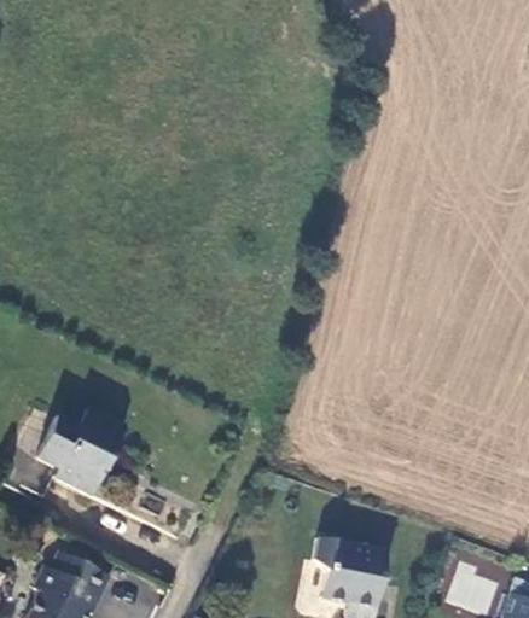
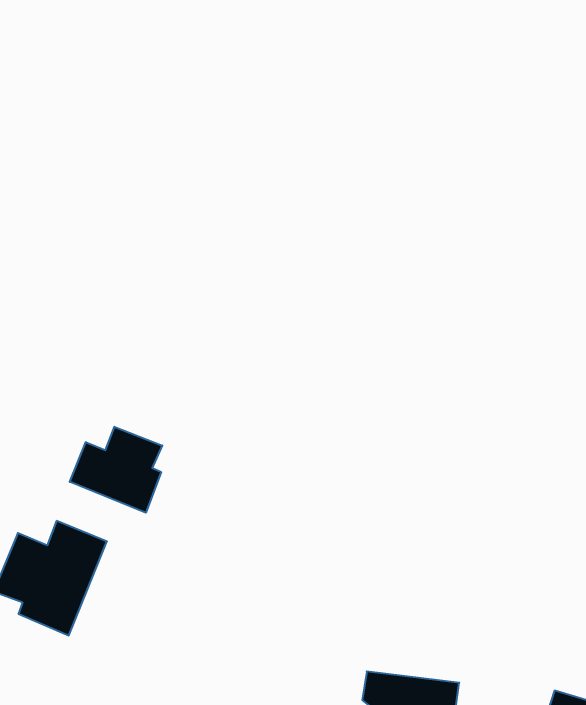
building: none -> [70,427,162,513]

